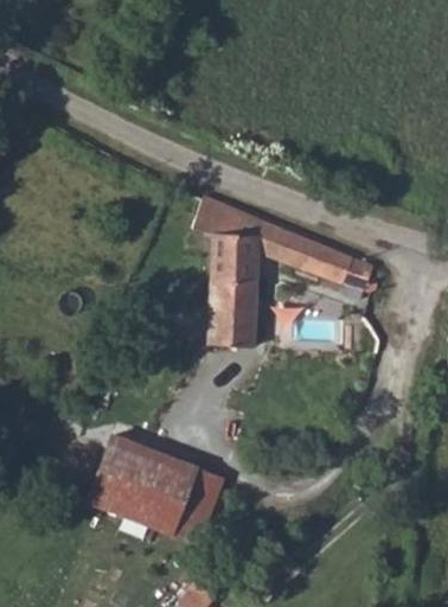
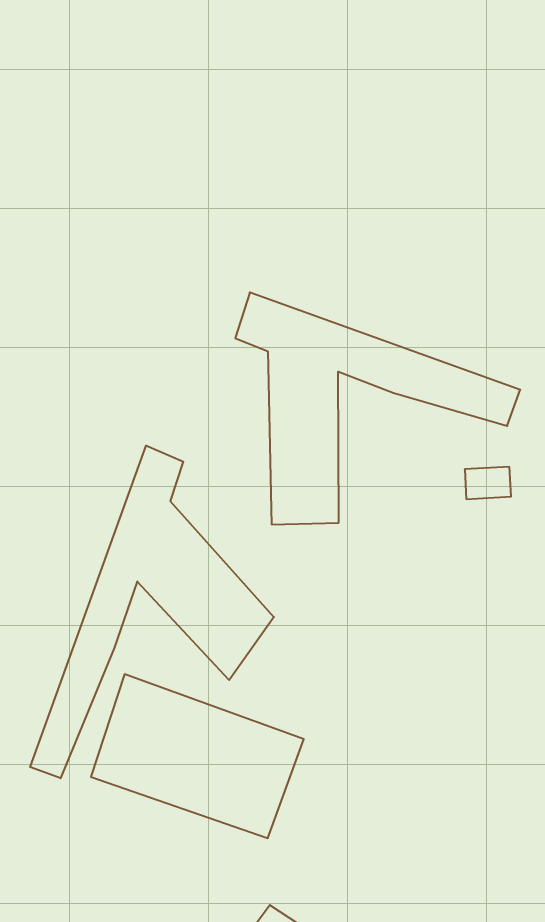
building: none -> [30,446,274,778]

